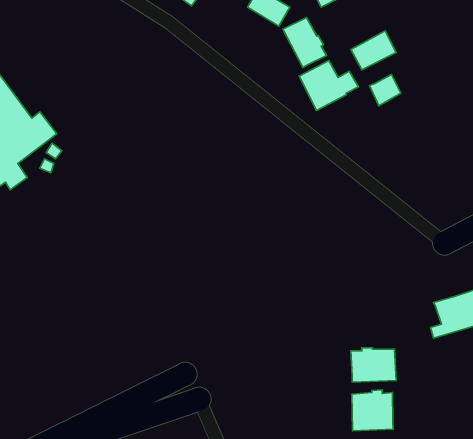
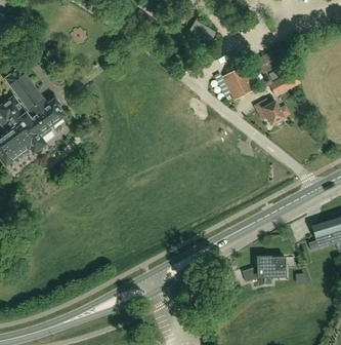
building: [283,18,326,67] -> none
building: none -> [254,98,284,124]
building: [352,390,393,431] -> none

